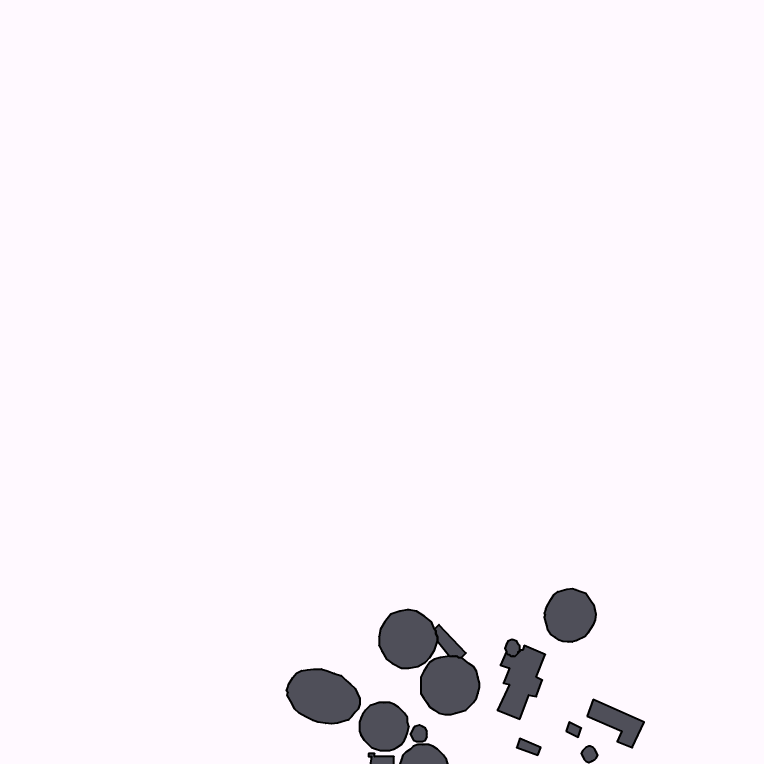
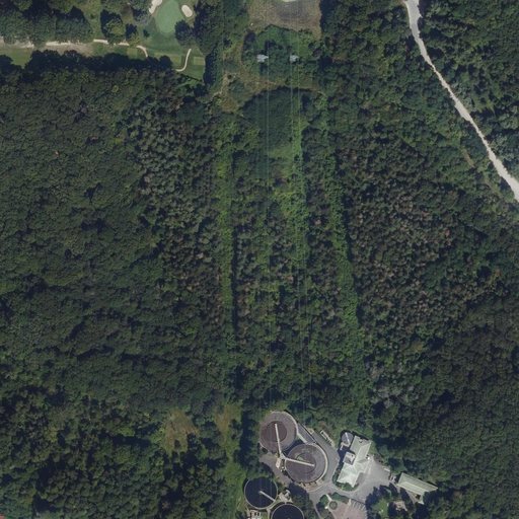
building: [544,589,596,642] -> none
building: [287,669,360,724] -> none

